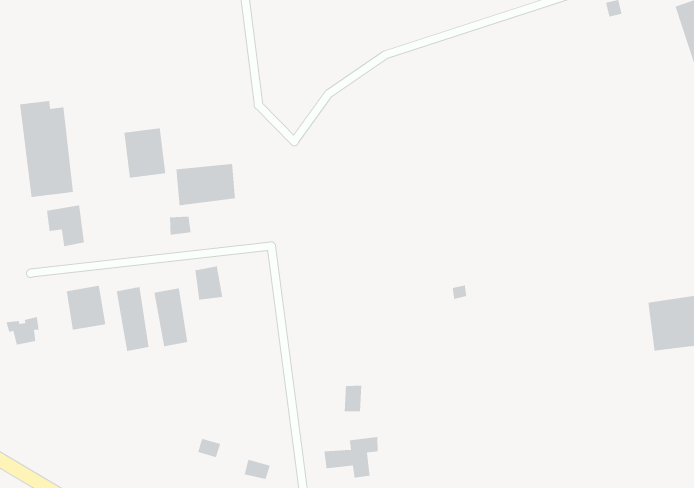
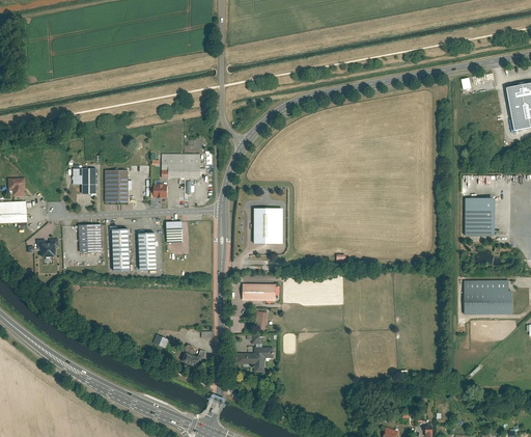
building: [19,100,74,198] -> none
building: [123,127,166,178] -> [104,171,129,202]
building: none -> [465,196,495,234]
building: none -> [254,208,282,243]
building: none -> [241,282,275,300]

